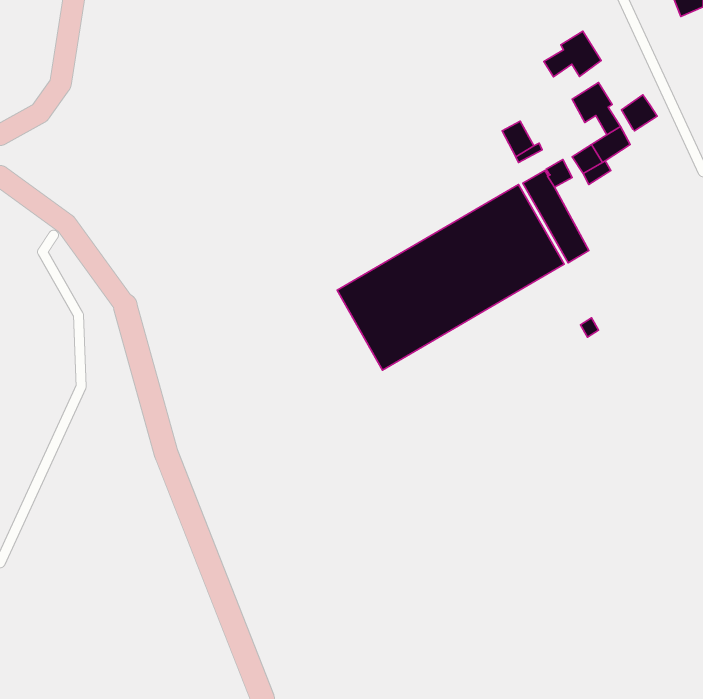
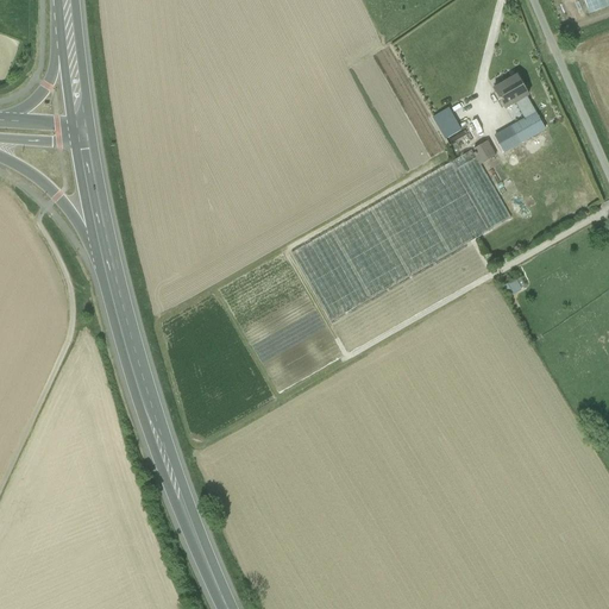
building: [544,31,601,77] -> none
building: [622,95,657,131] -> none

